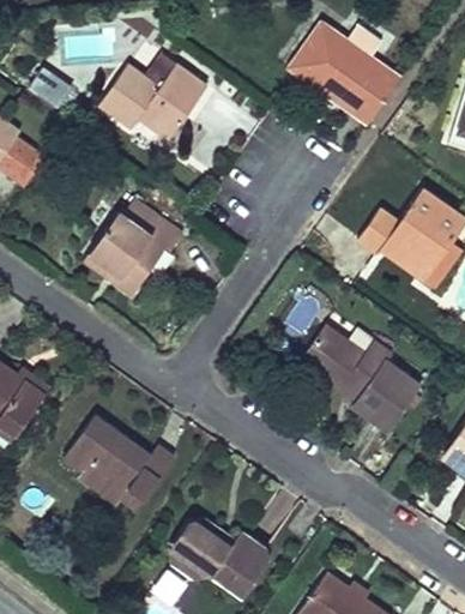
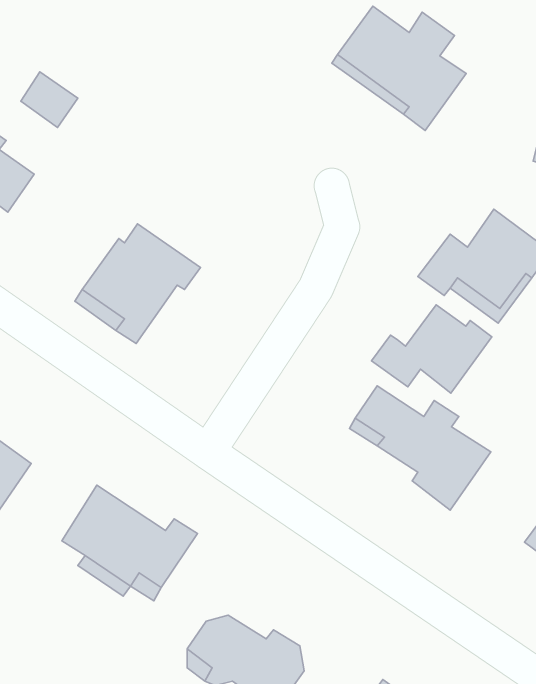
building: [93,62,204,143] -> none
building: none -> [371,305,492,393]

